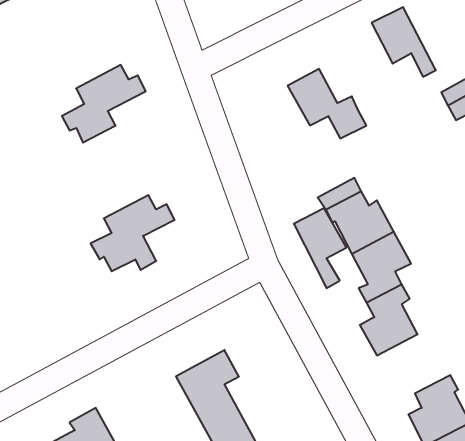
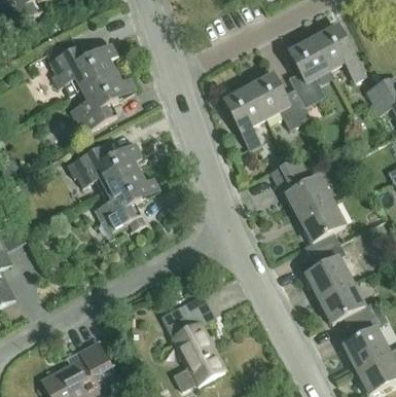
building: none -> [288,37,329,106]
building: none -> [50,44,117,95]
building: none -> [72,144,140,190]
building: [294,208,346,288] -> [223,86,264,149]
building: none -> [317,281,374,327]

